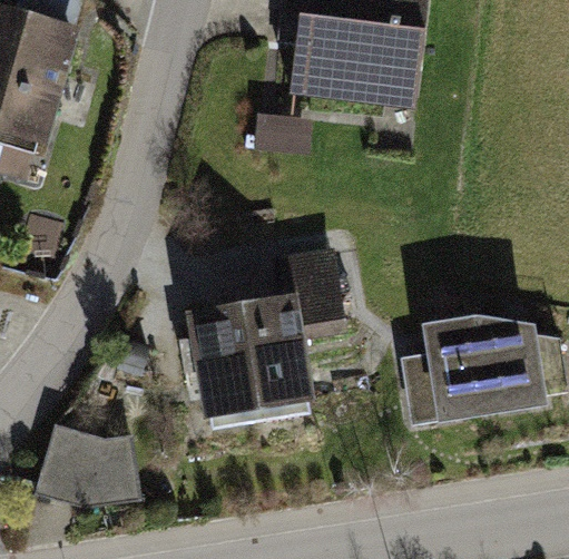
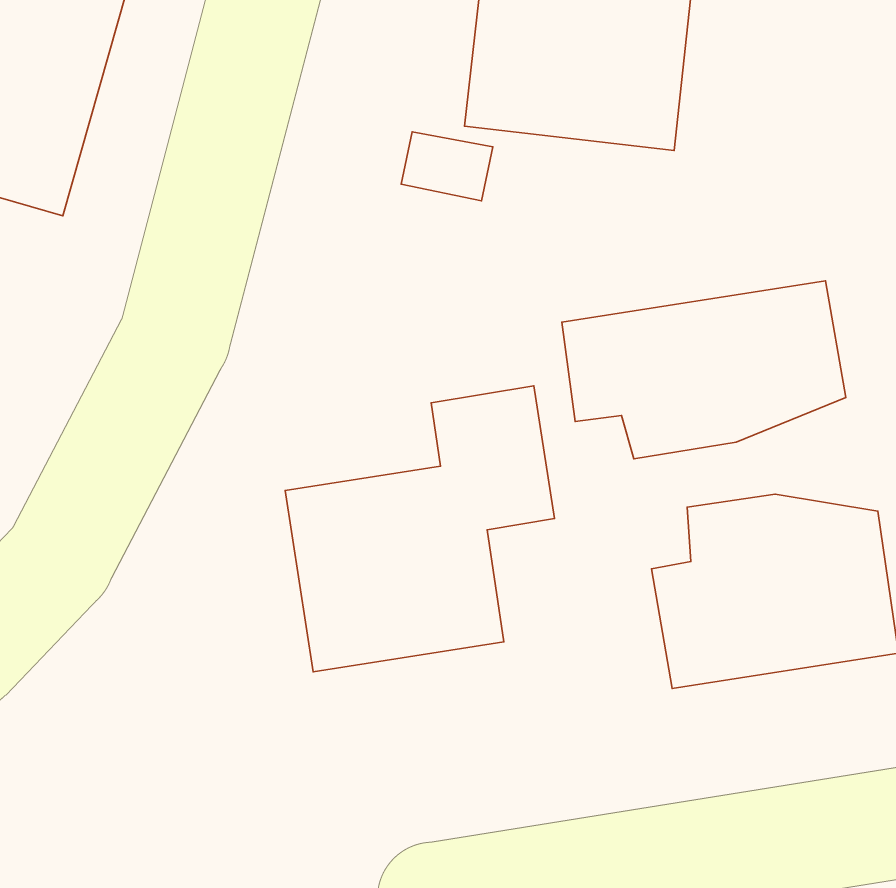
building: none -> [562,281,846,459]
building: [41,416,135,488] -> none

